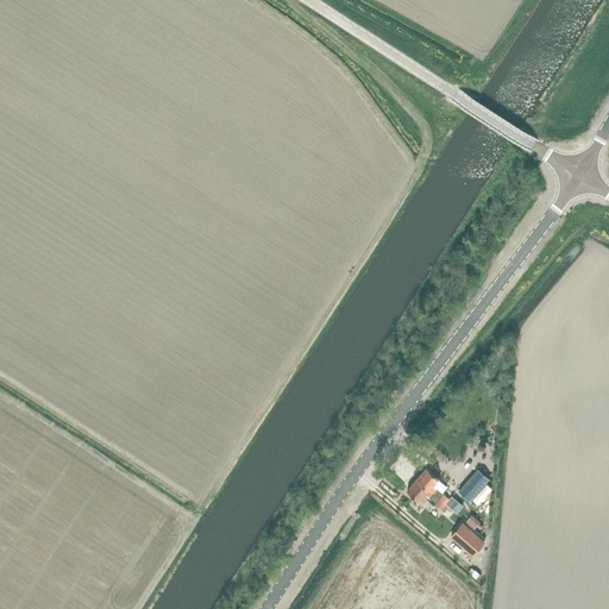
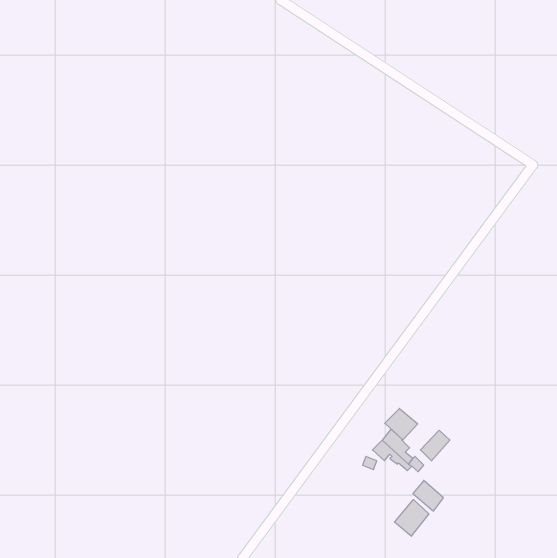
building: none -> [385,408,418,440]
building: none -> [394,500,429,536]

